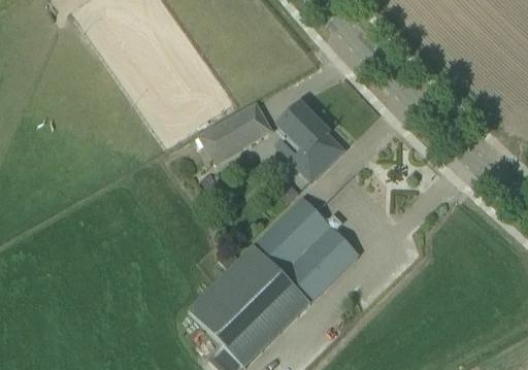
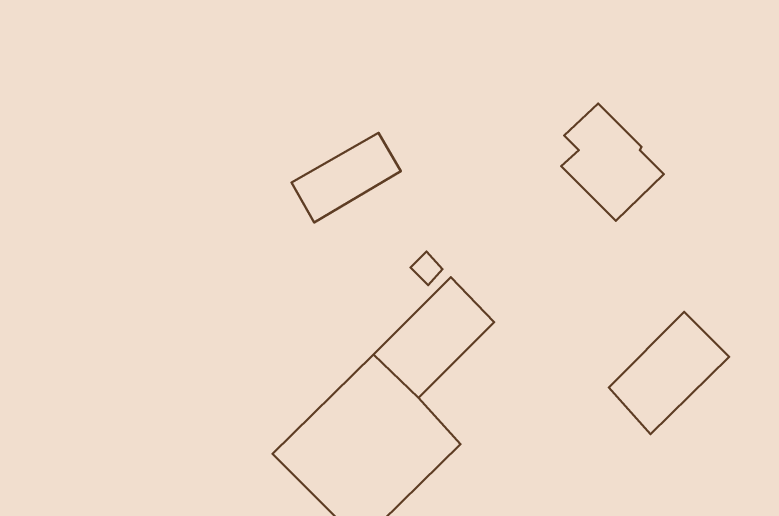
building: [276,103,342,178] -> [561,103,664,221]
building: [282,225,359,303] -> [609,312,729,434]

